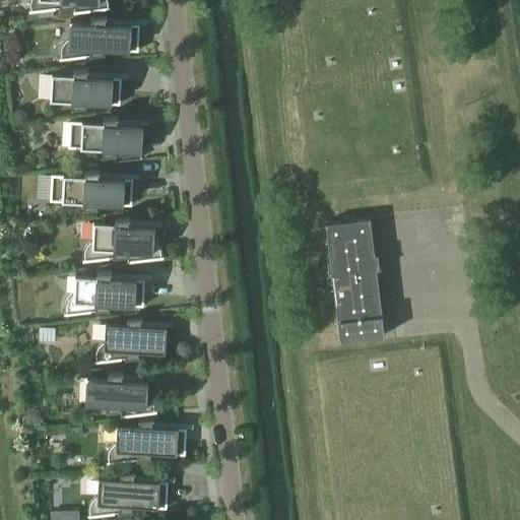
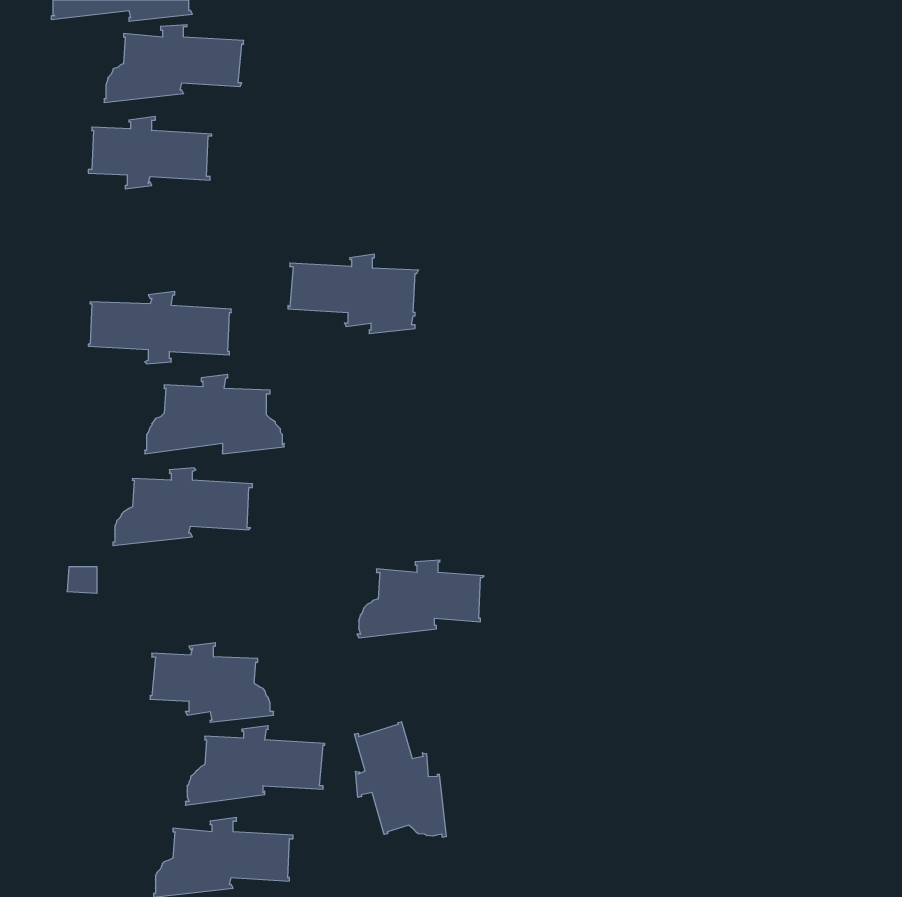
building: [69,118,144,164] -> [288,254,419,334]
building: [326,219,385,343] -> none
building: [94,320,168,365] -> [357,560,484,638]
building: none -> [354,722,446,837]

